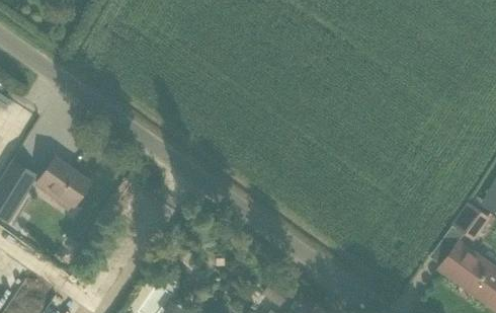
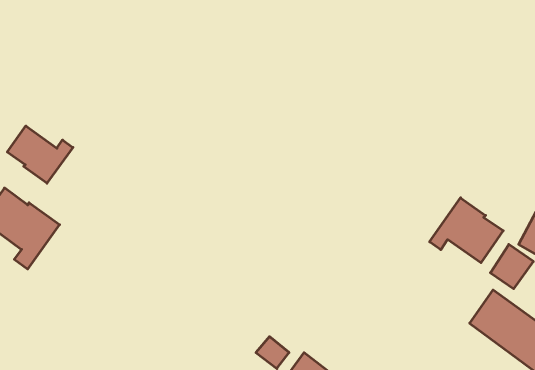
building: none -> [7,126,73,183]
building: none -> [430,198,503,263]

